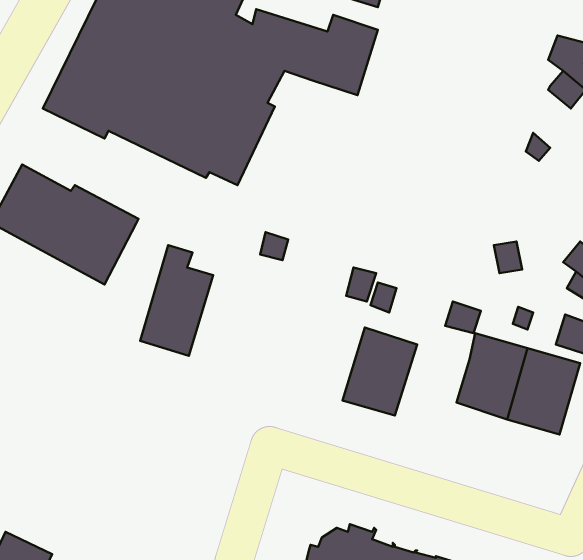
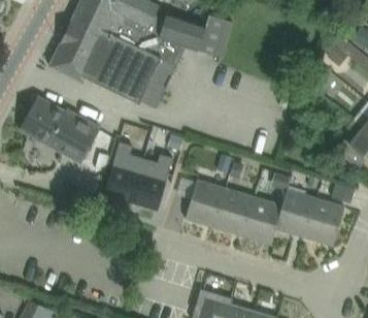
building: none -> [129,154,171,211]
building: none -> [185,179,226,227]
building: none -> [242,196,283,245]

